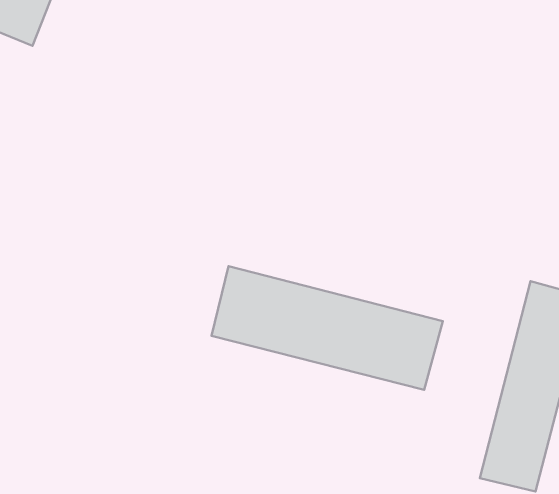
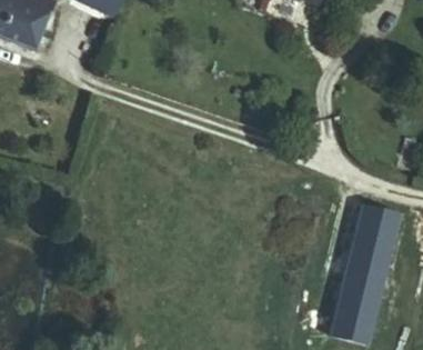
building: [212,266,443,390] -> none

